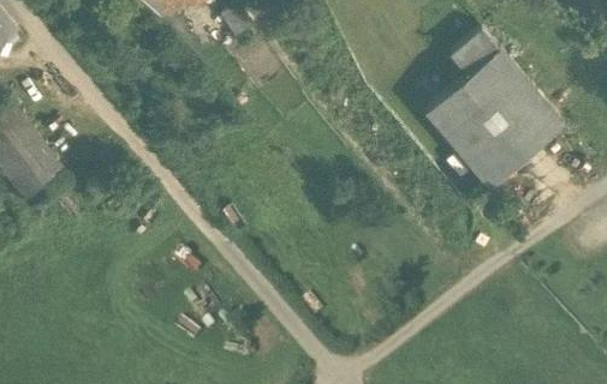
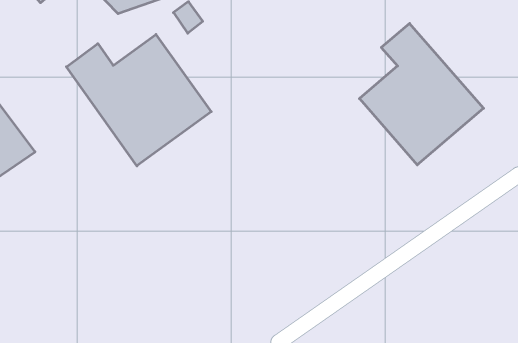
building: none -> [66,34,211,166]

